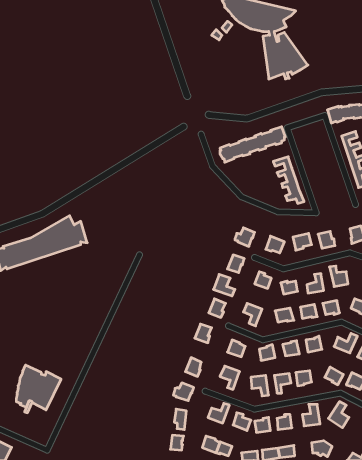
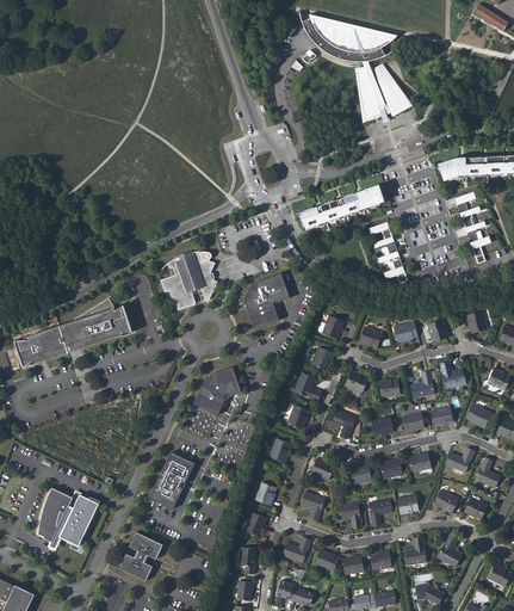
building: none -> [161,252,218,309]
building: none -> [242,272,289,328]
building: none -> [193,366,240,415]
building: none -> [148,451,193,508]
building: none -> [118,531,162,580]

